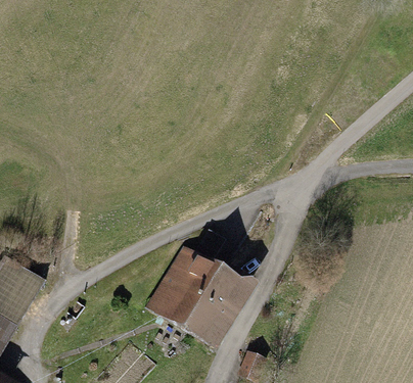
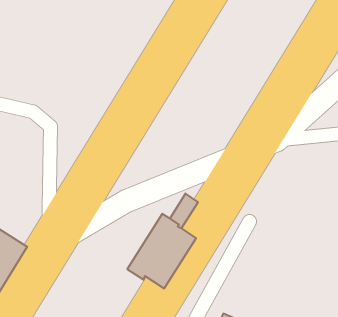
building: [187,270,245,342] -> none

